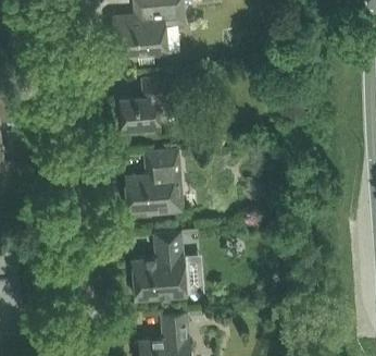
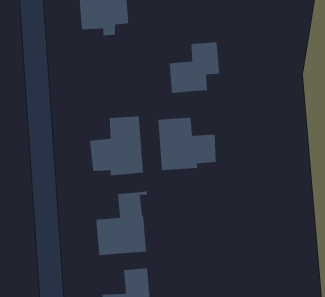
building: [120,75,174,131] -> [169,41,220,94]
building: none -> [157,117,217,171]

